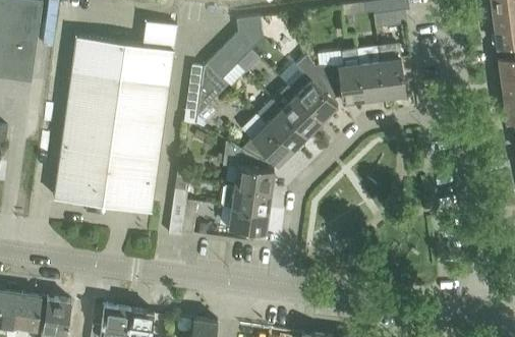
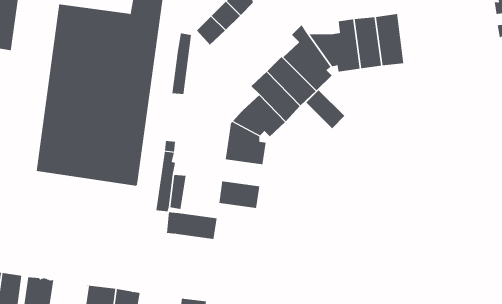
building: [196,63,229,124] -> none
building: none -> [305,89,345,129]
building: [223,185,272,212] -> [166,212,217,239]

